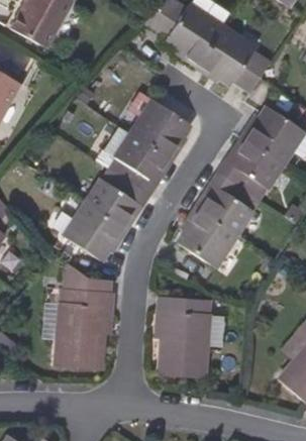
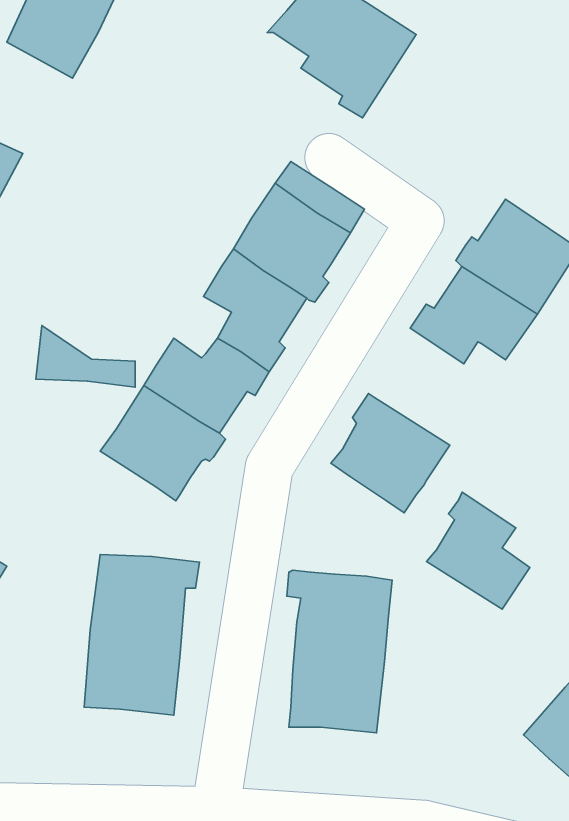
building: [196,23,272,90] -> none
building: [202,173,254,232] -> [427,492,530,609]
building: [63,260,113,292] -> [36,326,135,387]

